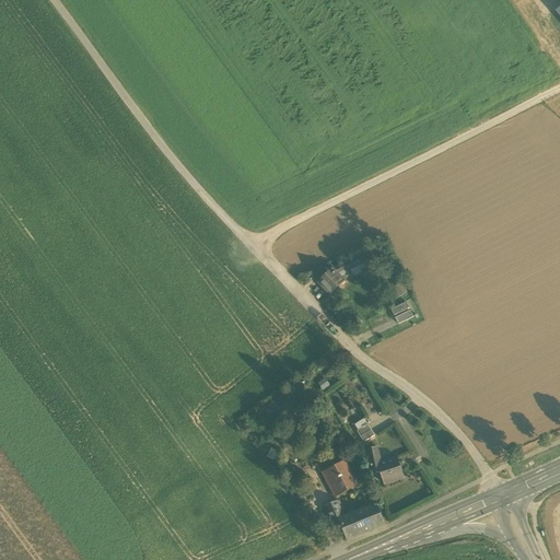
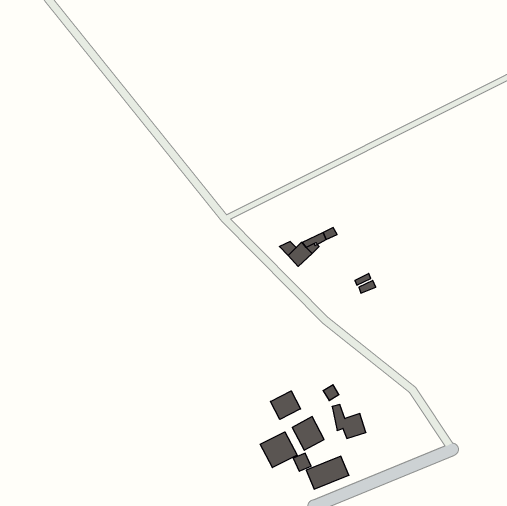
building: none -> [270,391,301,419]
building: none -> [260,432,297,468]

